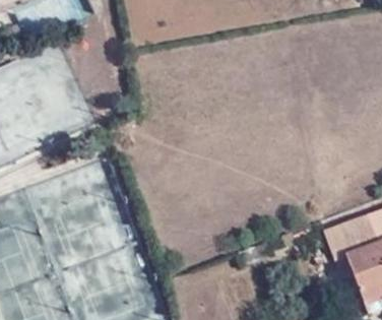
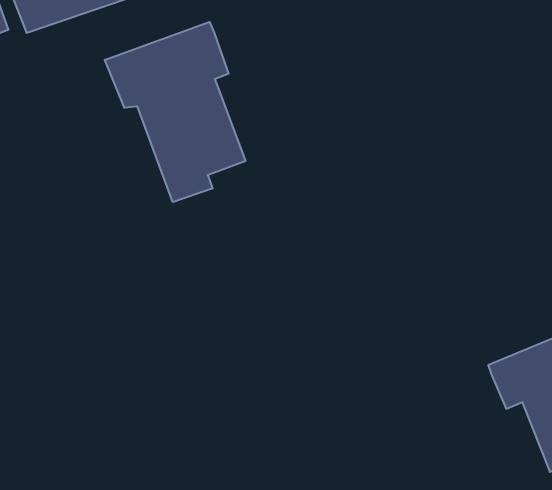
building: none -> [105,22,245,202]

